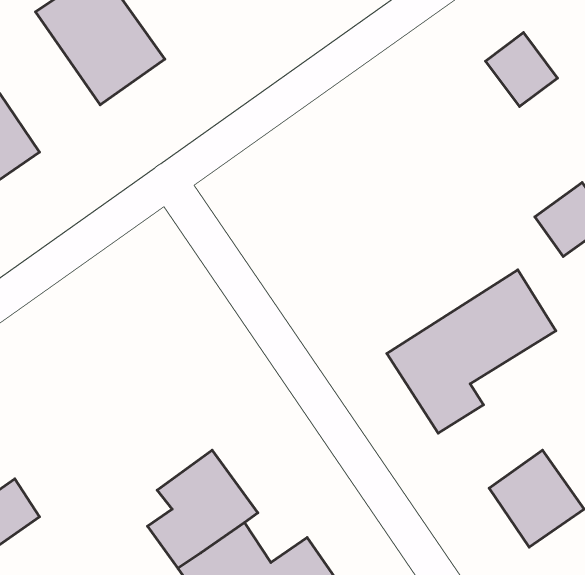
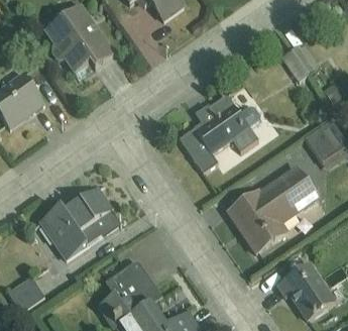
building: none -> [178,96,256,174]
building: none -> [43,188,120,257]

